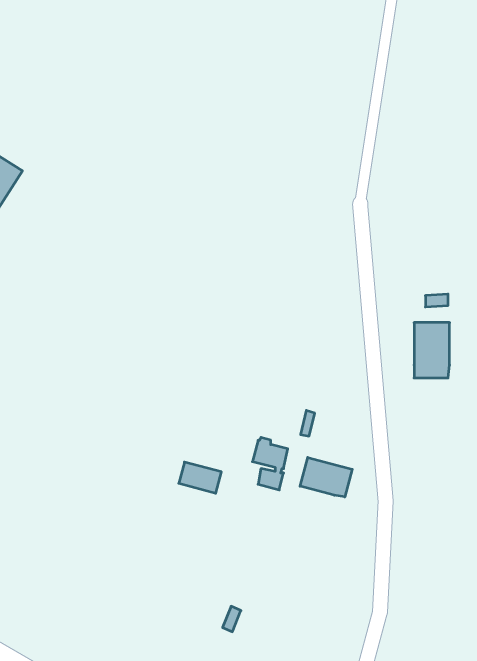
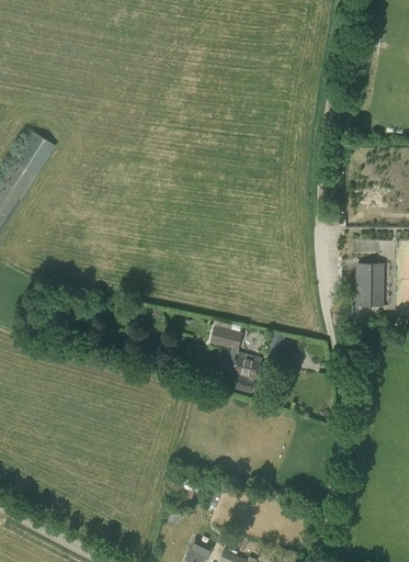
building: [300,457,352,497] -> none
building: [179,462,221,493] -> [209,325,242,349]

